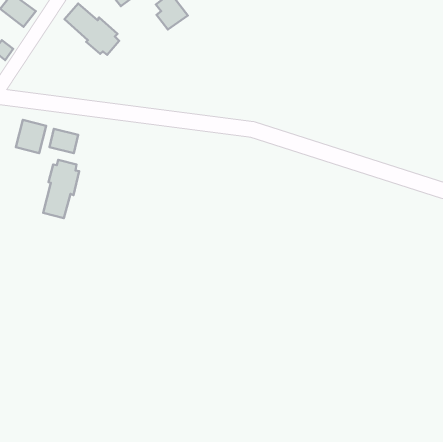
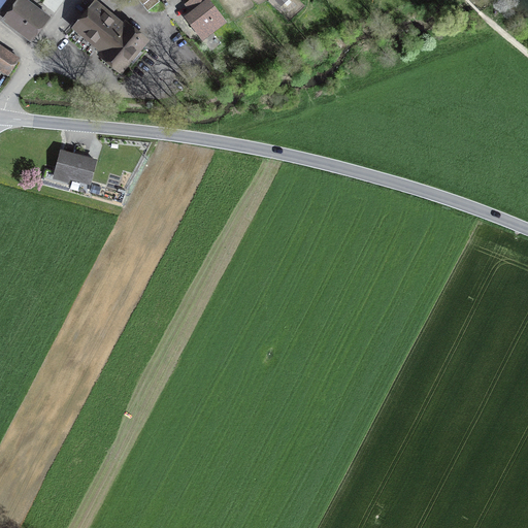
building: [16,120,46,153] -> none
building: [43,160,79,218] -> none

